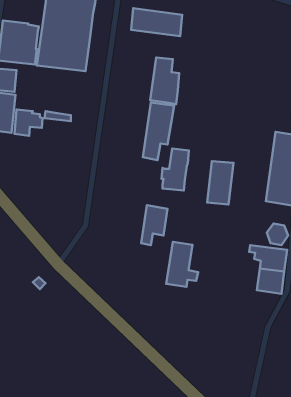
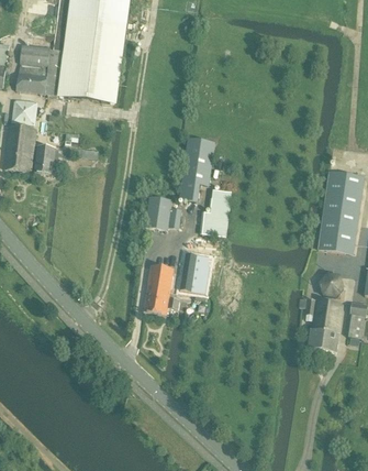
building: [131,8,182,36] -> none
building: [150,57,179,104] -> none
building: none -> [145,196,180,229]
building: [207,161,234,205] -> none
building: [166,242,198,287] -> [143,264,179,315]

